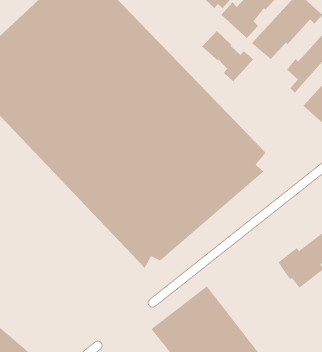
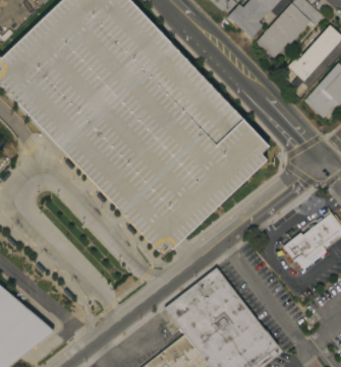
building: [201,30,254,82] -> none

